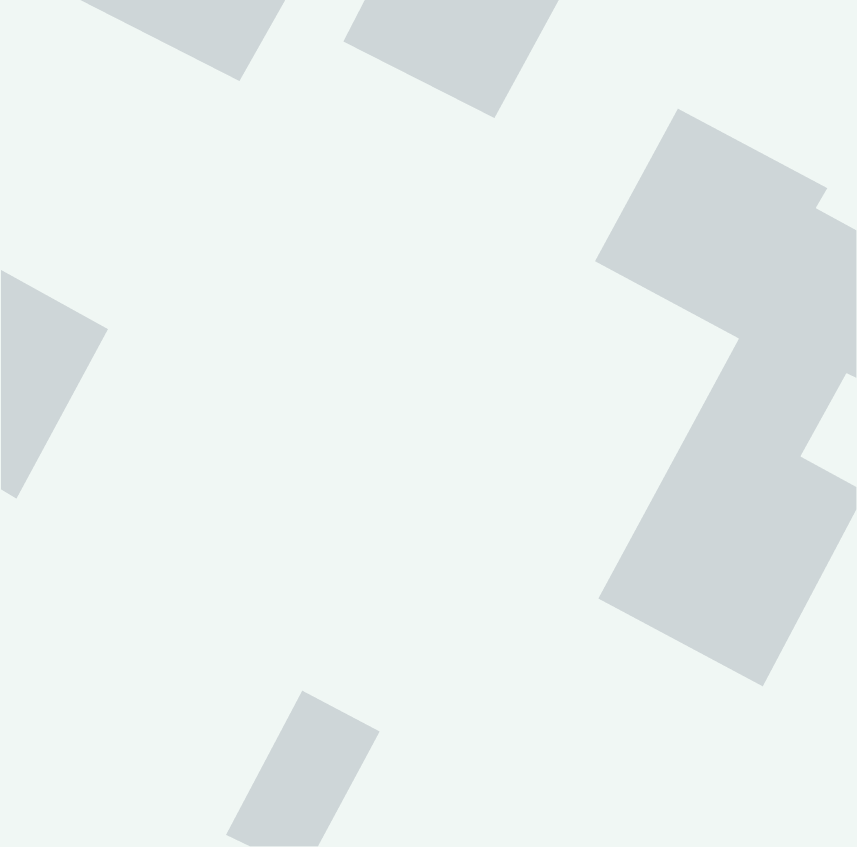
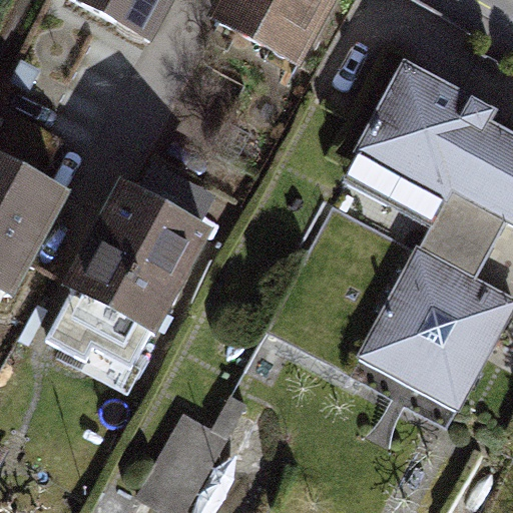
building: none -> [51,165,214,367]

